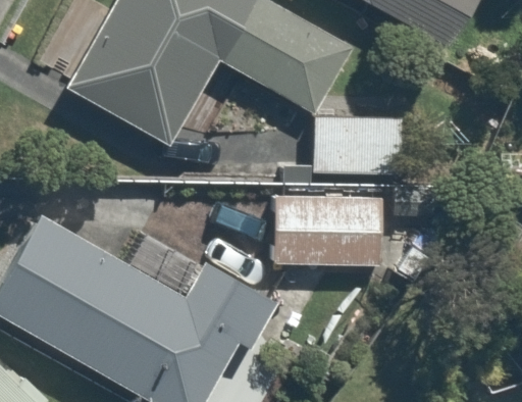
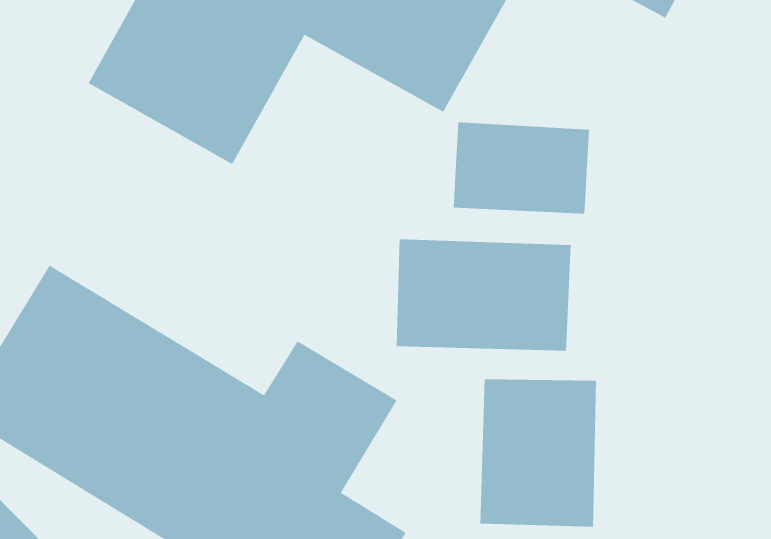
building: none -> [480,378,597,527]

